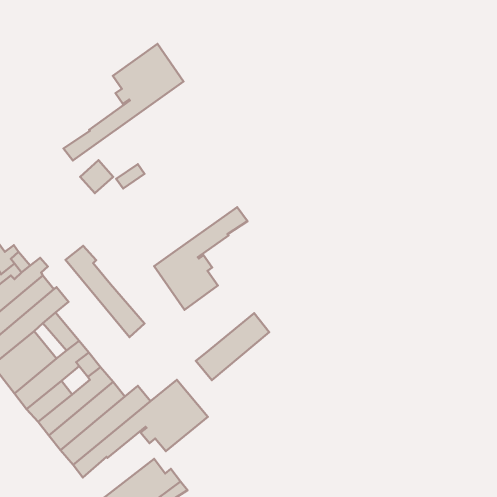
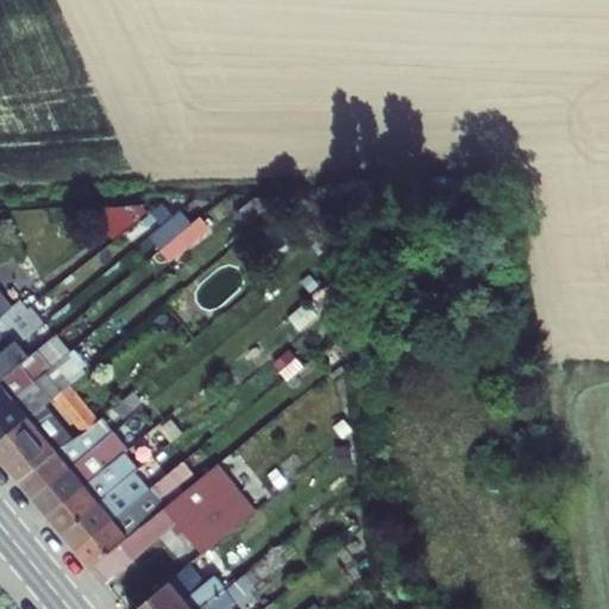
building: [64,44,183,160] -> none
building: none -> [151,208,208,262]
building: [154,207,248,310] -> none
building: [66,246,145,337] -> none
building: [196,313,269,380] -> none

